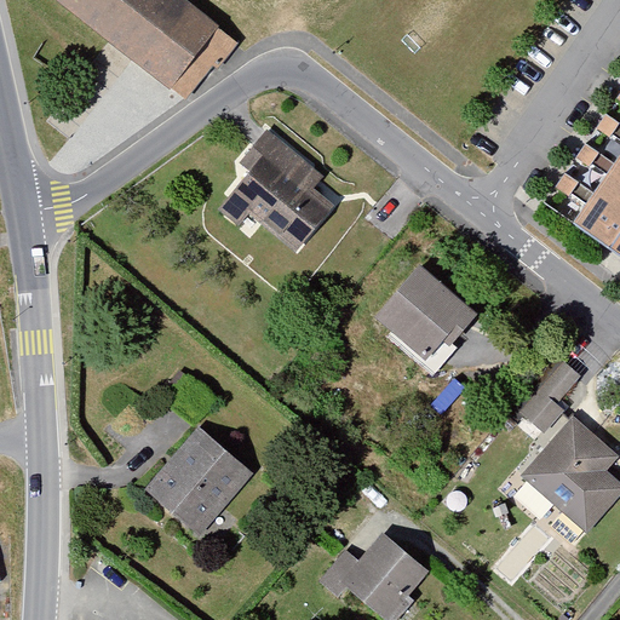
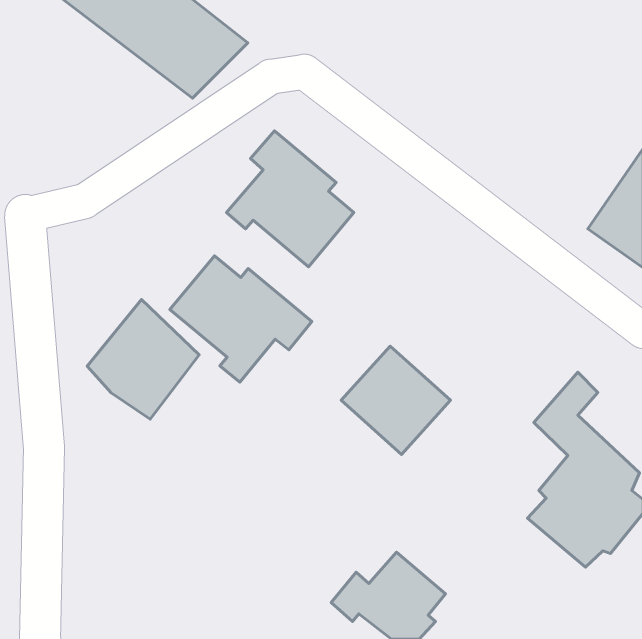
building: none -> [170,256,312,382]
building: [372,262,477,366] -> [341,346,451,454]
building: [142,420,249,535] -> [87,300,199,419]

